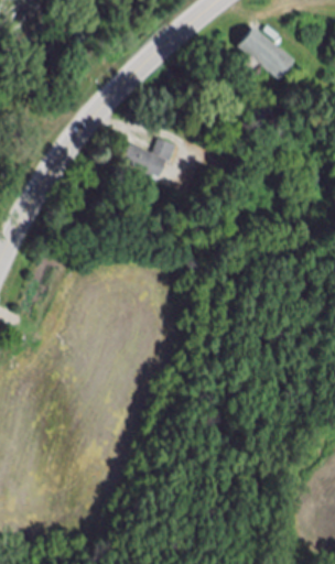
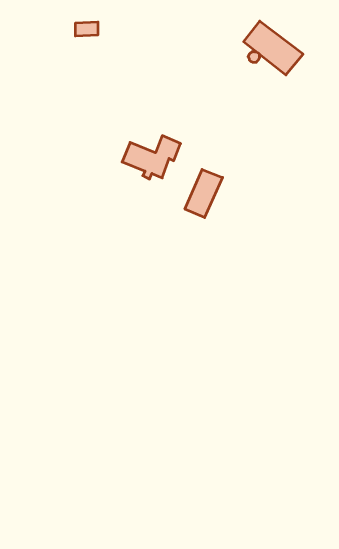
building: none -> [185,169,223,218]

